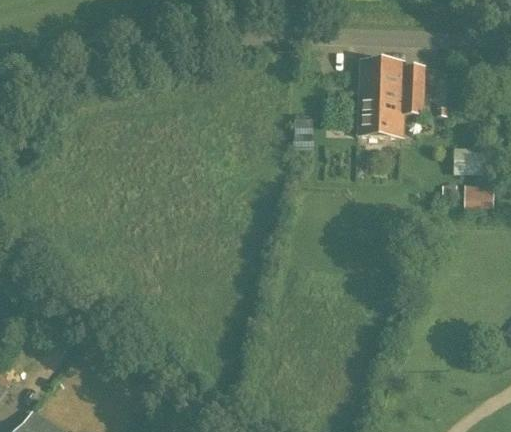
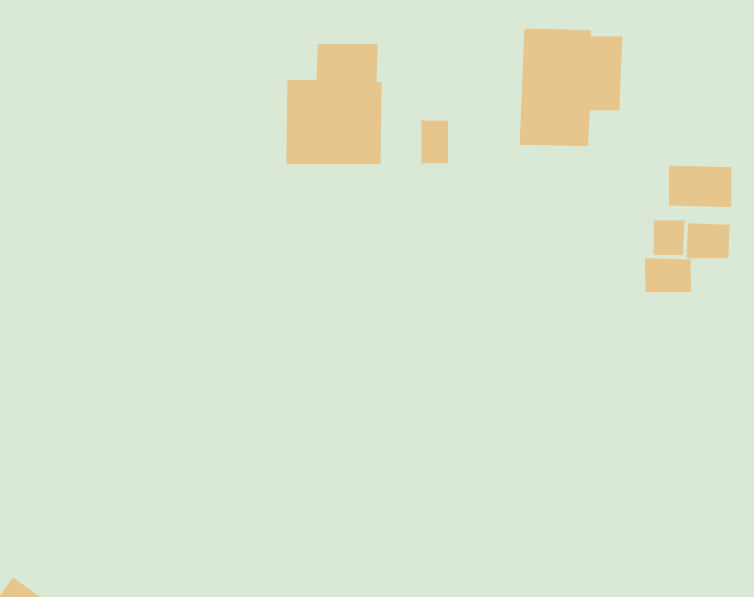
building: none -> [286,43,382,165]
building: none -> [644,257,691,293]

